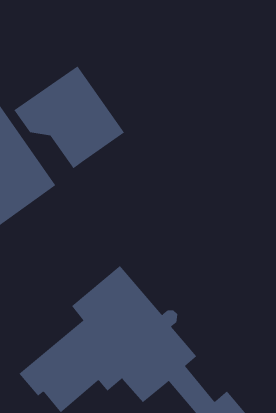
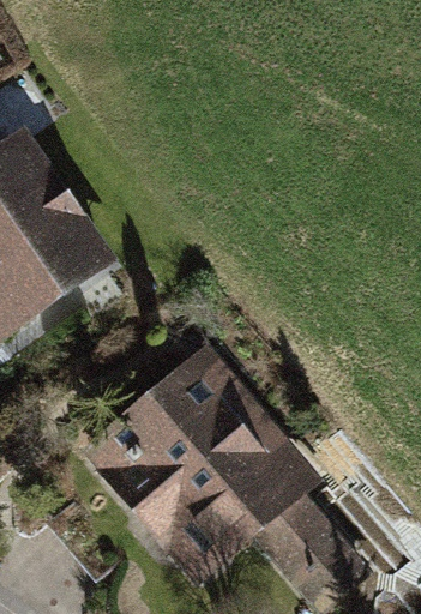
building: [14,66,125,169] -> none

